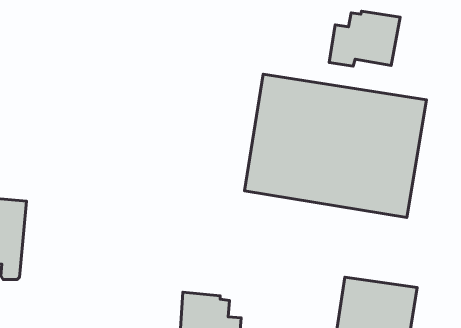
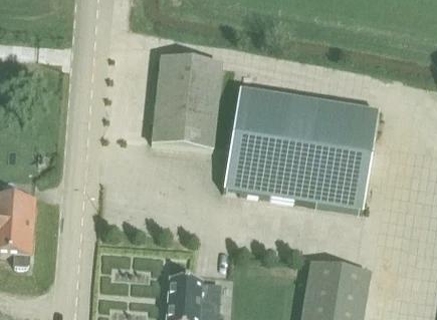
building: [329,11,400,66] -> none
building: none -> [152,56,221,145]

